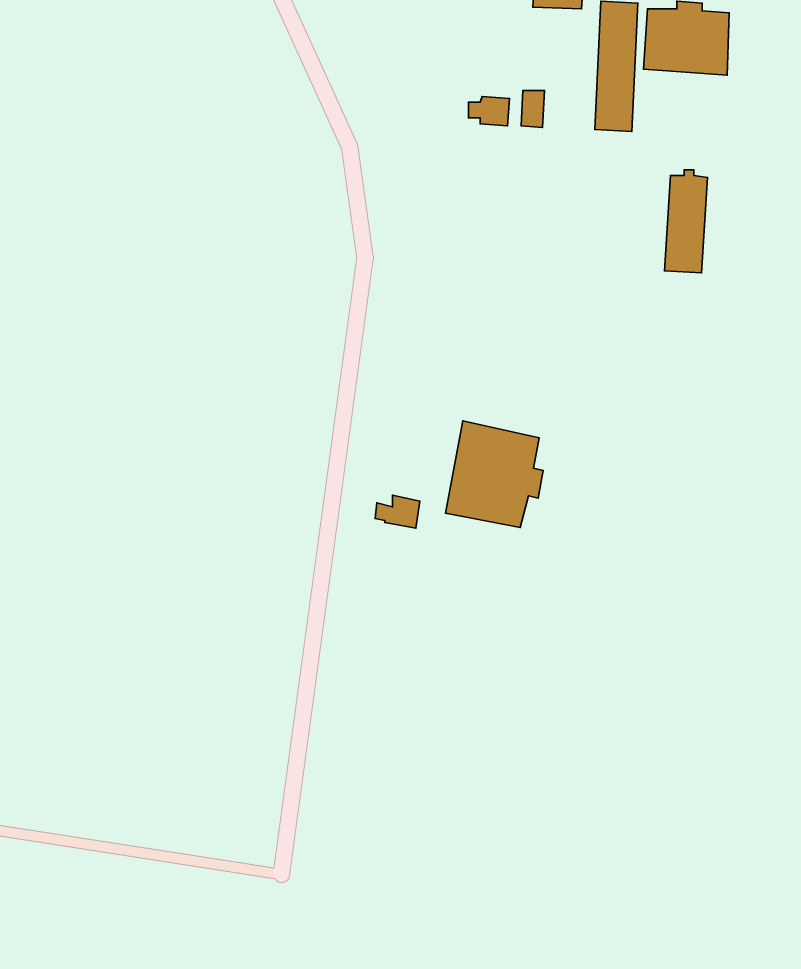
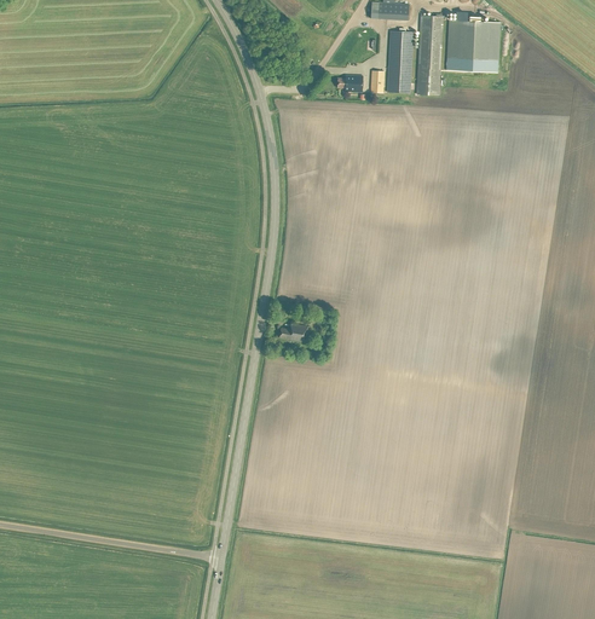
building: [665,170,707,273] -> [387,29,414,93]
building: [445,421,543,527] -> none

